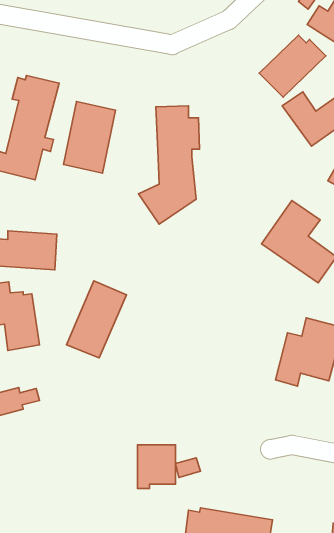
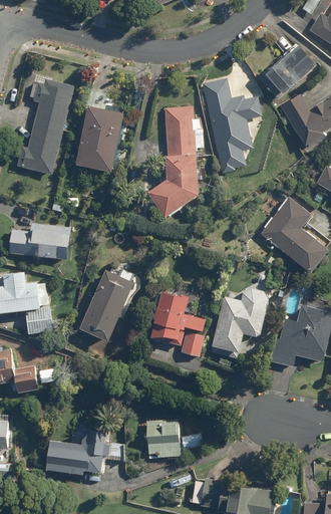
building: none -> [200,77,261,171]
building: none -> [209,287,269,360]
building: none -> [149,292,206,357]
building: none -> [45,428,112,475]

